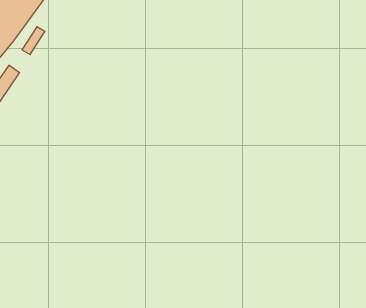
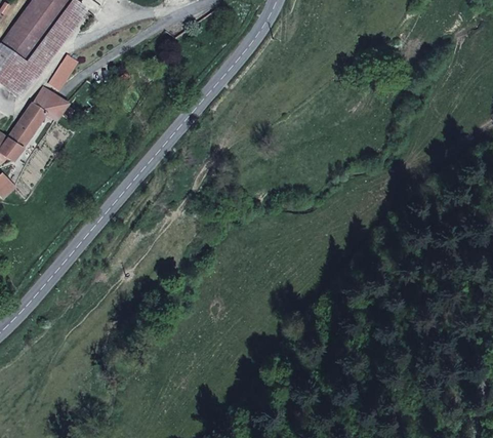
building: none -> [32,88,67,120]

